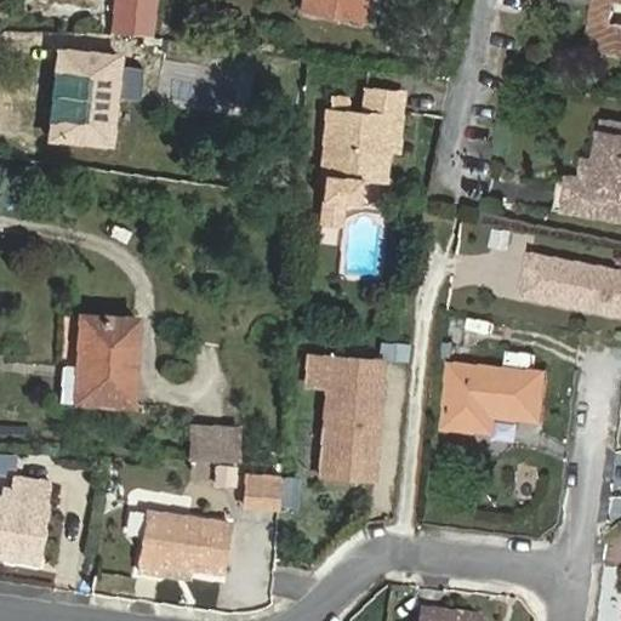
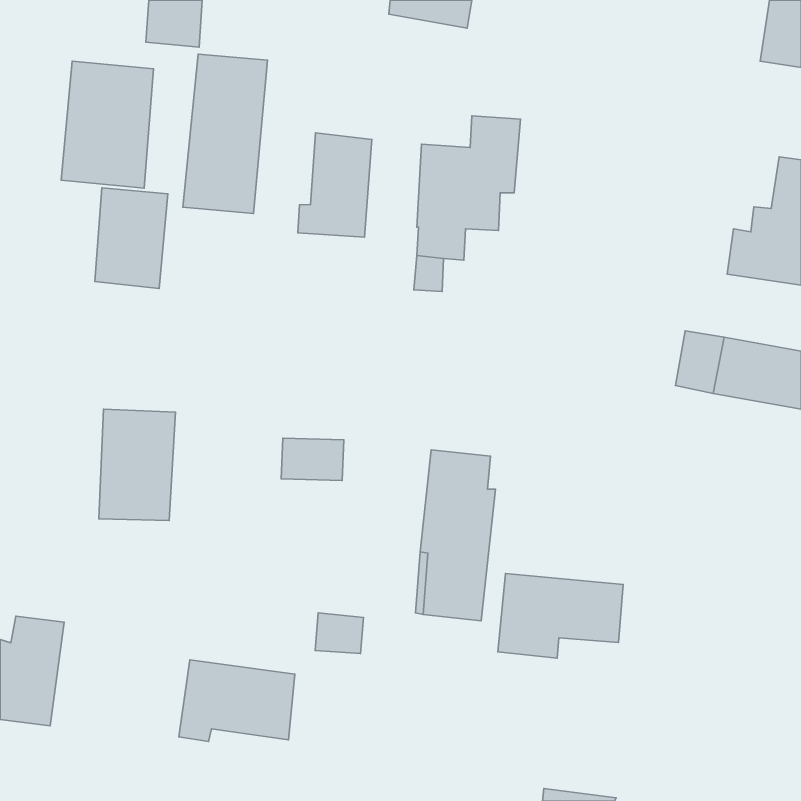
building: none -> [183,54,268,213]
building: none -> [298,133,372,237]
building: none -> [95,188,168,289]
building: [445,366,542,432] -> [498,573,623,658]
building: [190,427,239,460] -> [281,438,344,481]

